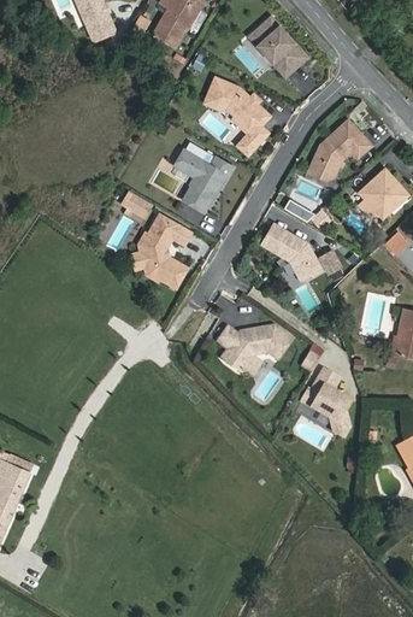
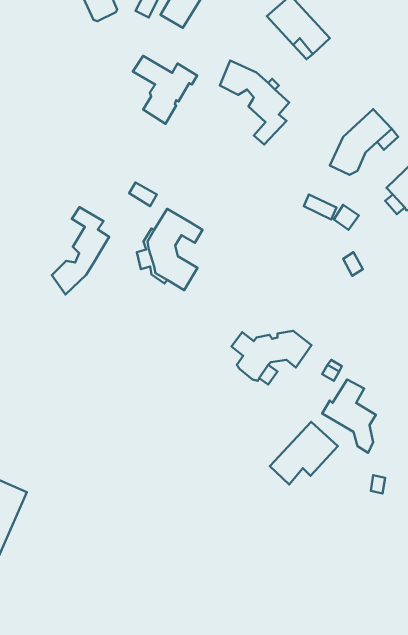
building: [173,148,232,211] -> [133,56,197,124]
building: none -> [52,207,109,294]
building: [261,223,320,281] -> none
building: none -> [270,422,338,484]

